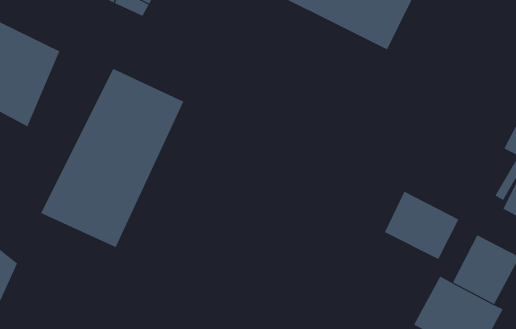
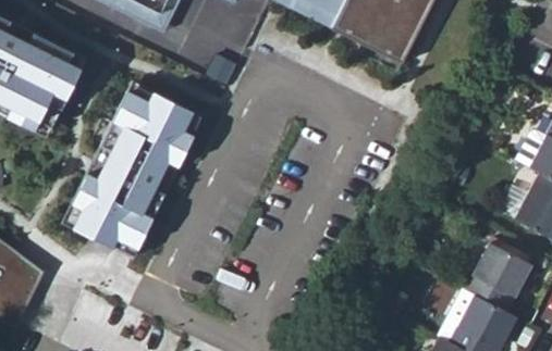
building: [384,191,459,260] -> none

